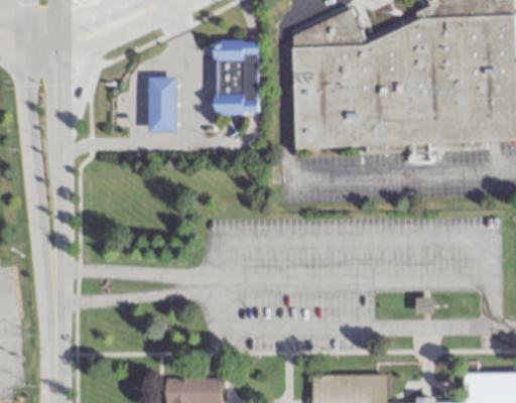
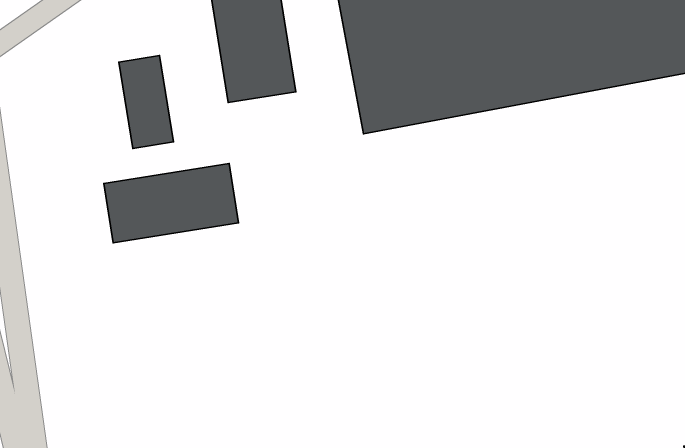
building: none -> [104,164,239,243]

